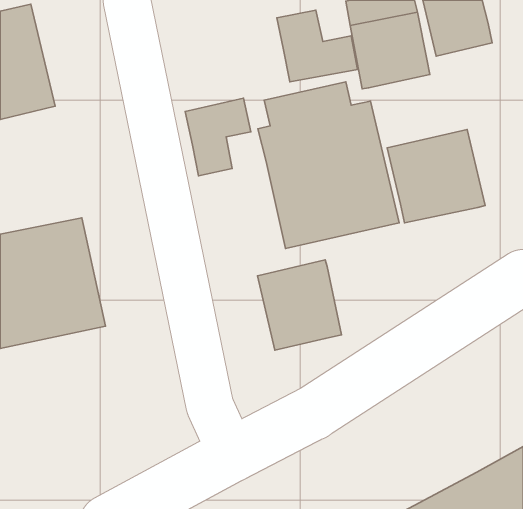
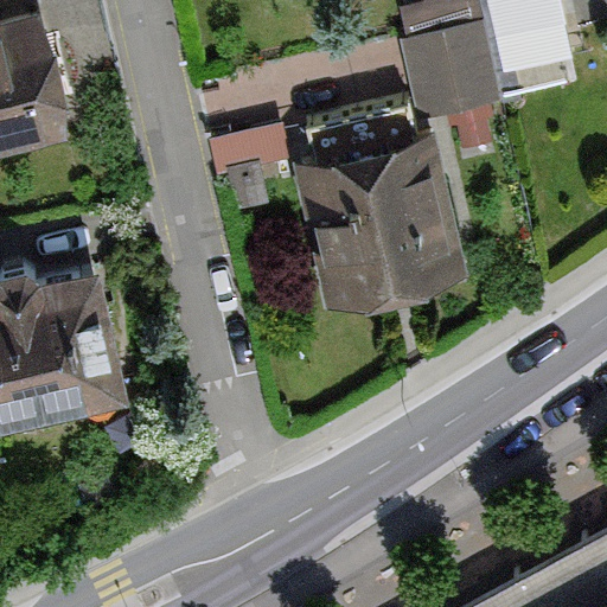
building: [277,10,358,82] -> none
building: [387,129,485,223] -> none
building: [258,260,341,350] -> none

